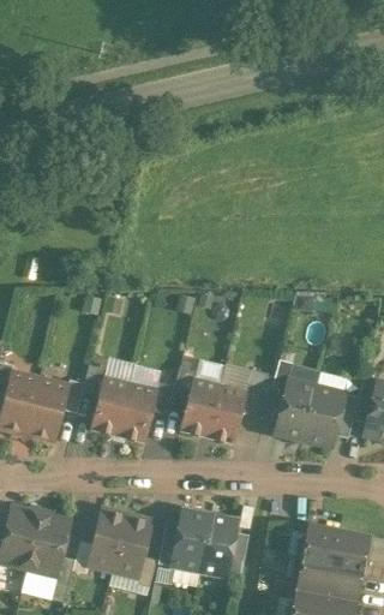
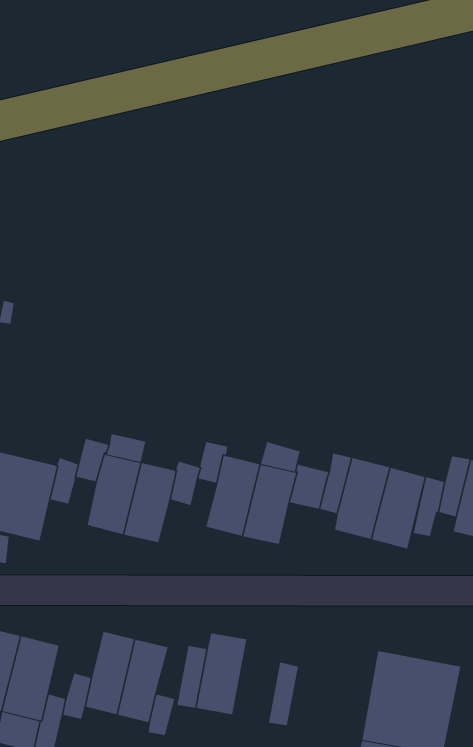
building: [200,514,238,577] -> none

